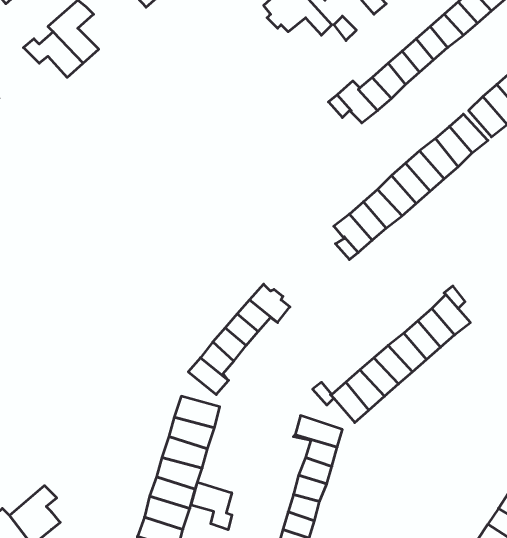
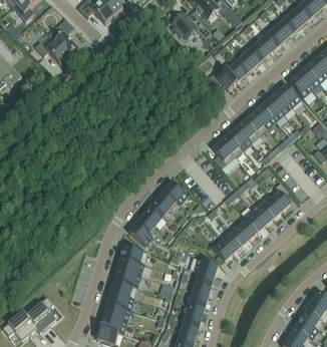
building: [191,482,232,530] -> none

